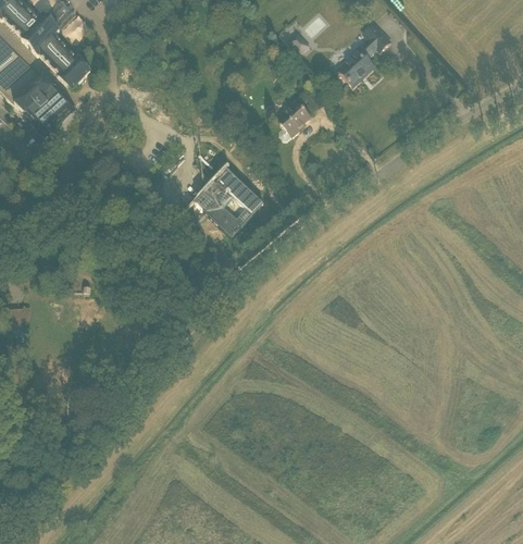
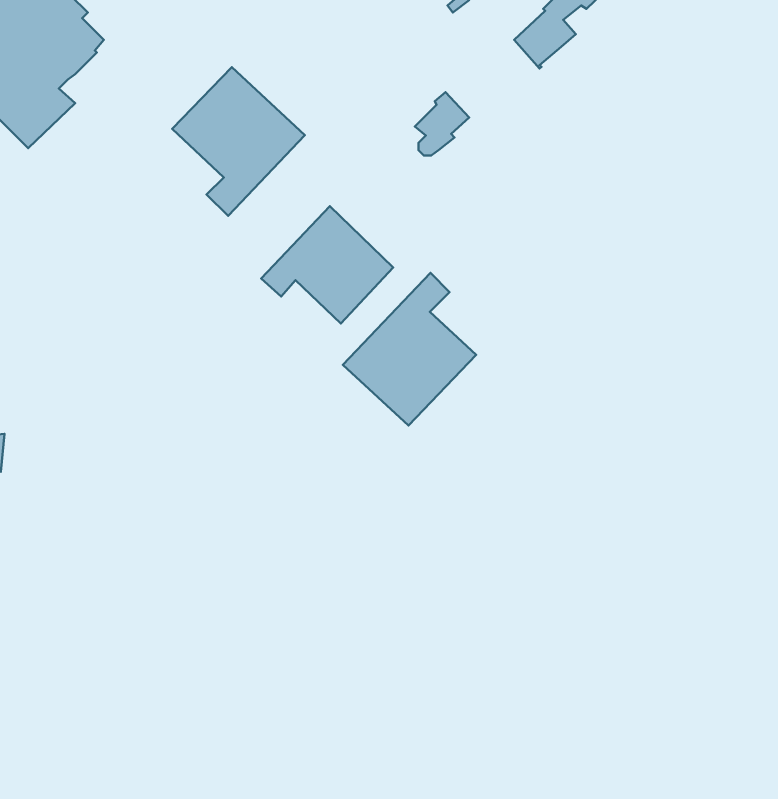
building: none -> [172,67,305,216]
building: none -> [343,273,476,425]

